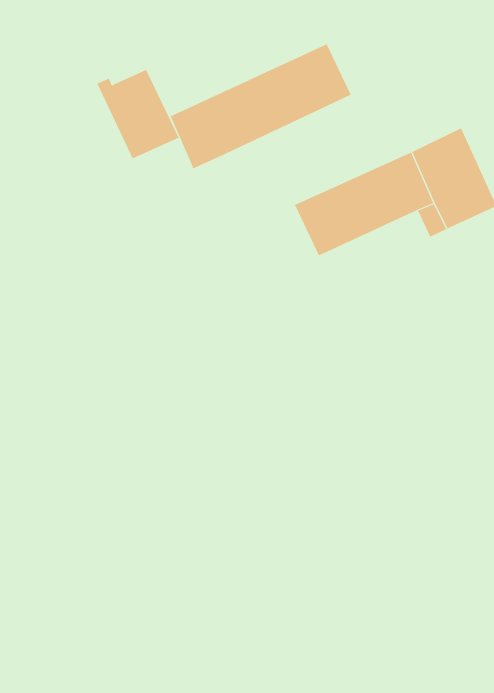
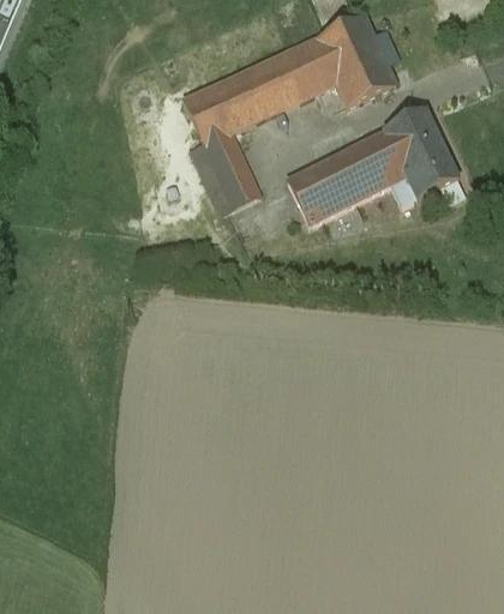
building: none -> [314,17,396,106]
building: [97,69,179,159] -> [188,132,258,207]

